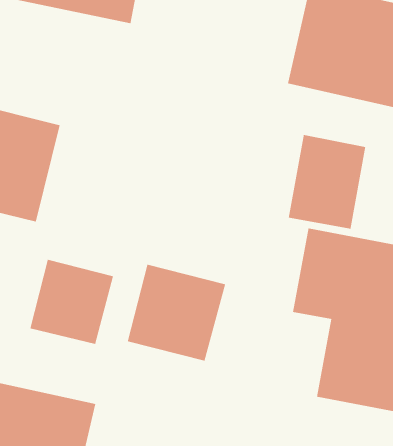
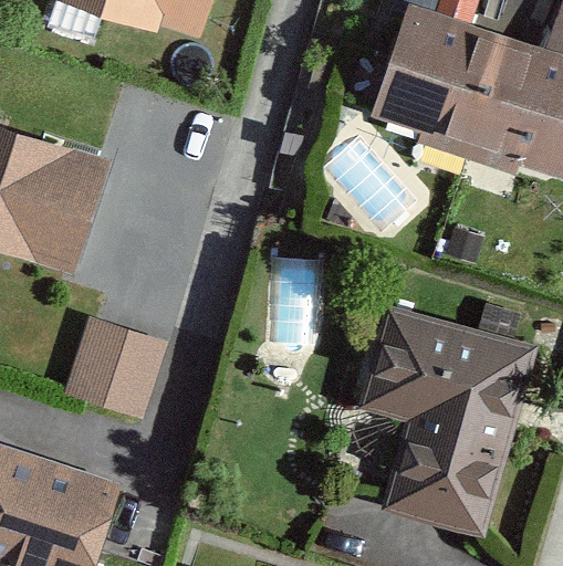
building: [288,134,366,230] -> none
building: [127,264,226,361] -> none

